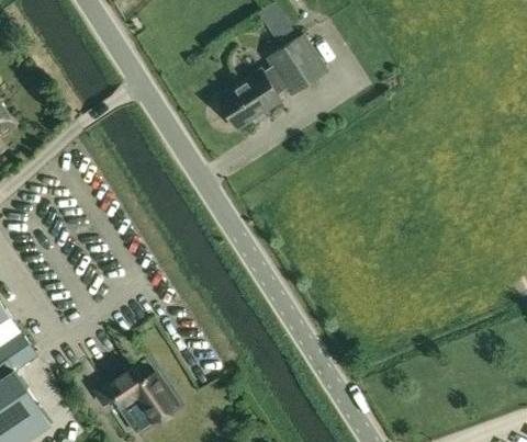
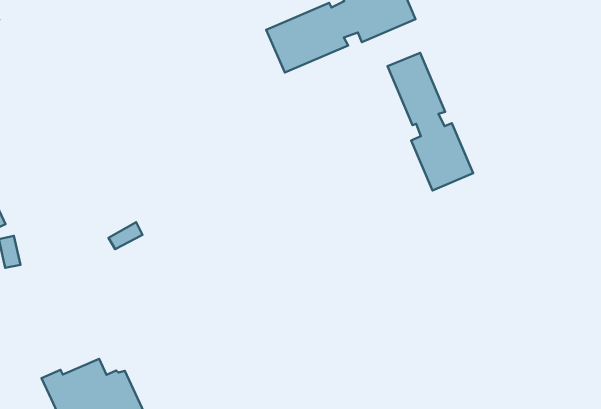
building: none -> [388,53,473,191]

